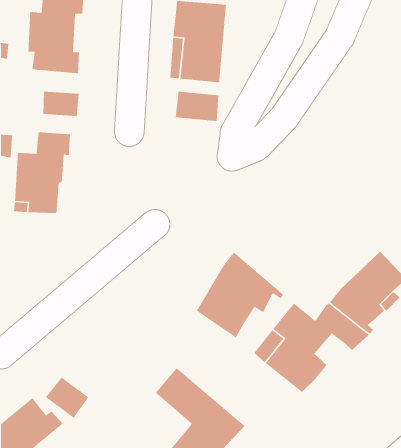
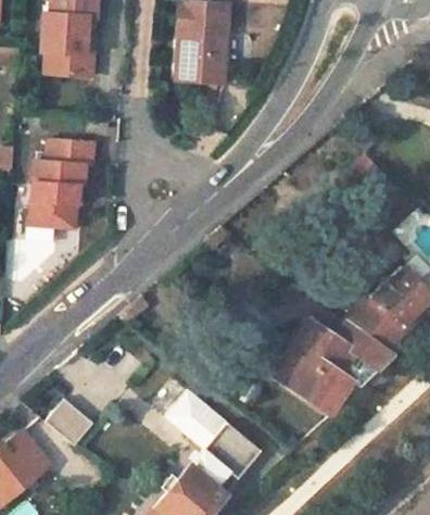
building: [43,91,79,117] -> none
building: [175,91,219,122] -> none
building: [196,252,284,339] -> none

